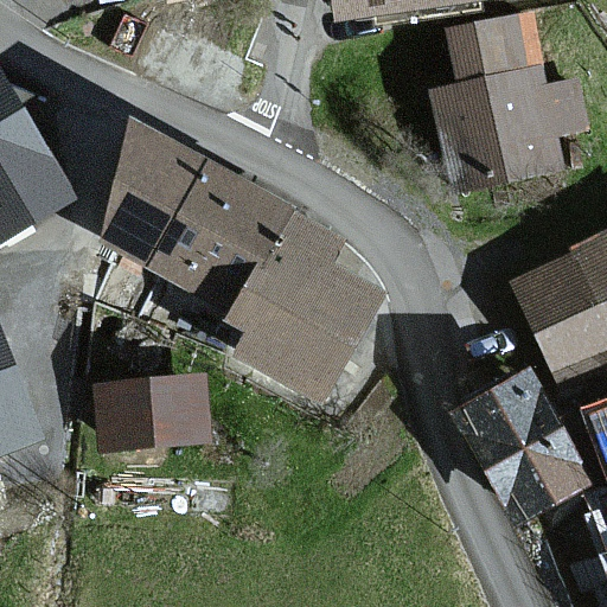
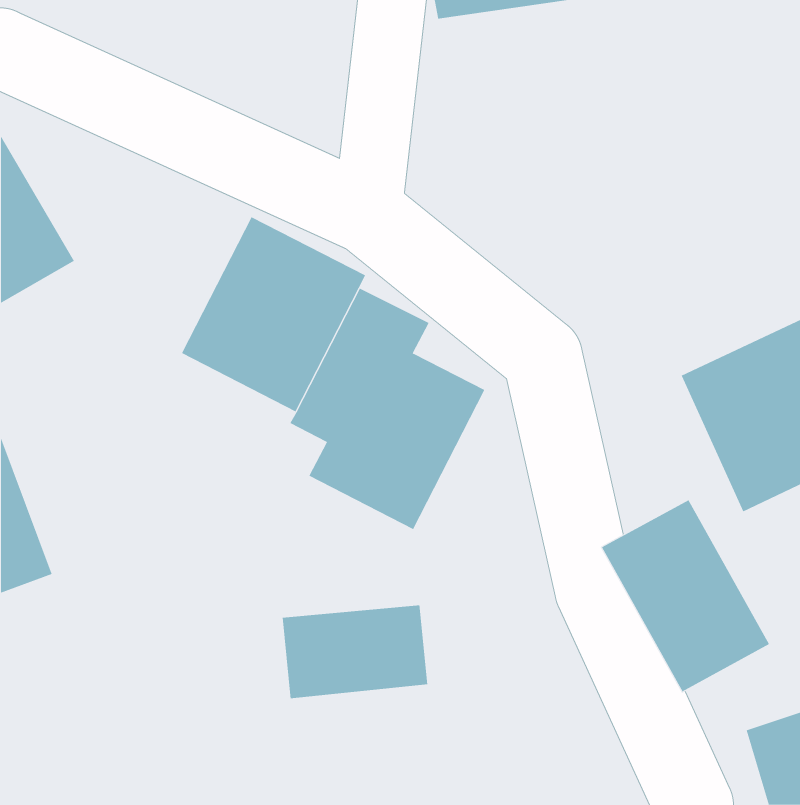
building: [440,11,590,185] -> none
building: [101,122,197,263] -> none
building: [102,373,211,443] -> [282,605,428,699]

